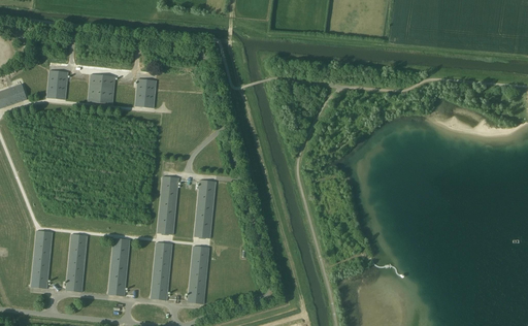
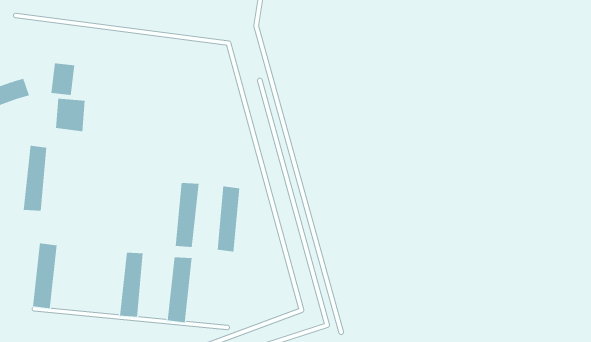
building: [88,74,114,104] -> [55,98,85,132]
building: [134,78,156,107] -> none
building: [65,233,87,292] -> [23,145,47,211]
building: [188,246,208,304] -> none

